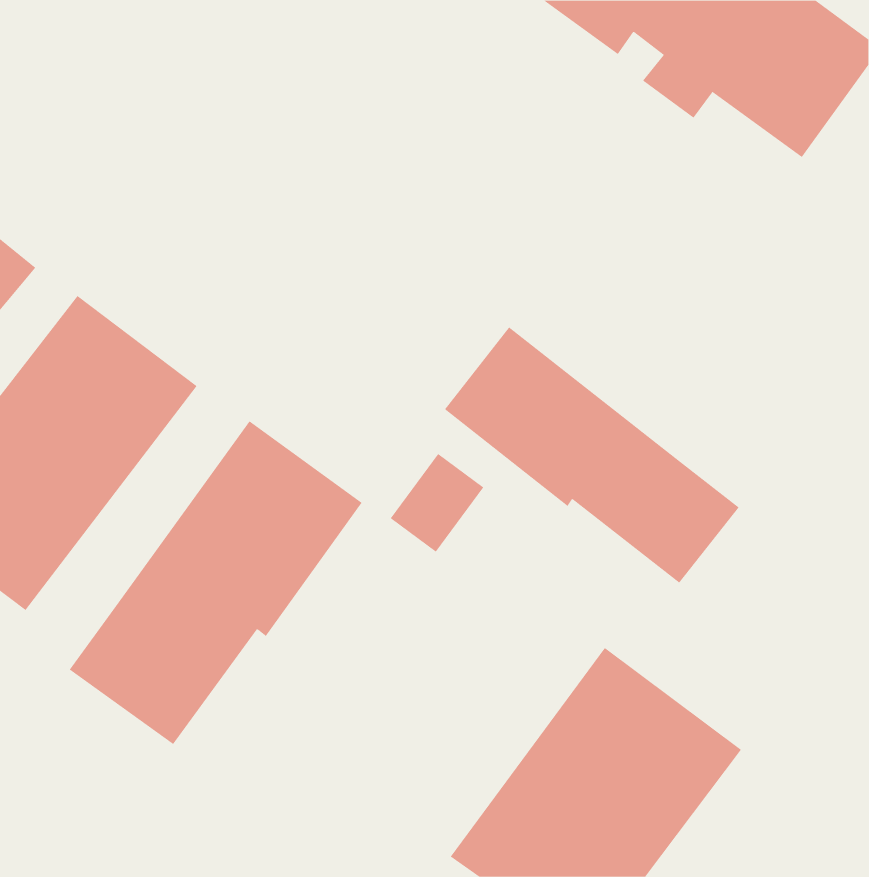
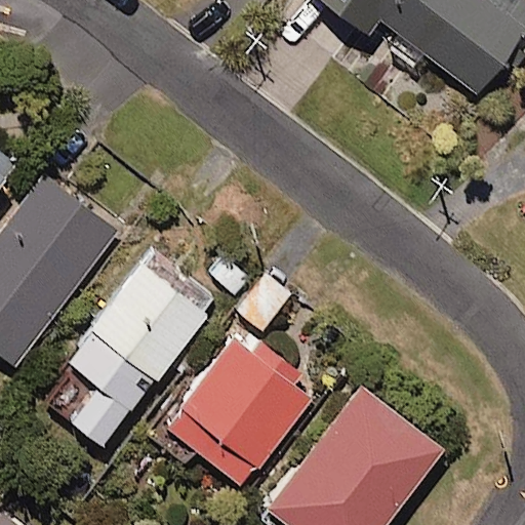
building: [444,327,739,583] -> none
building: none -> [155,337,311,485]

